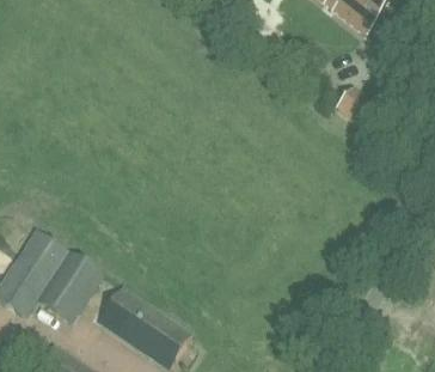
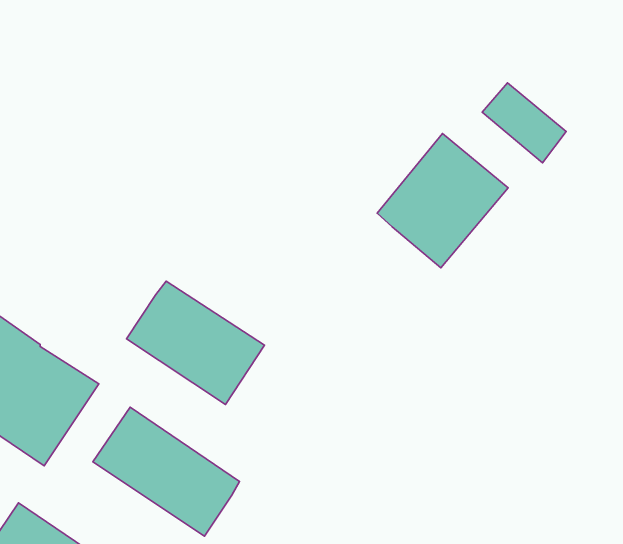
building: none -> [377,133,508,268]
building: none -> [127,281,264,405]

